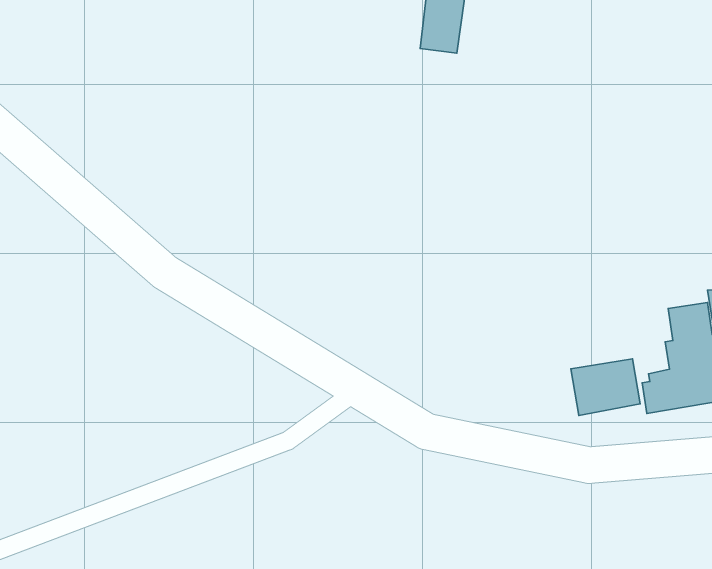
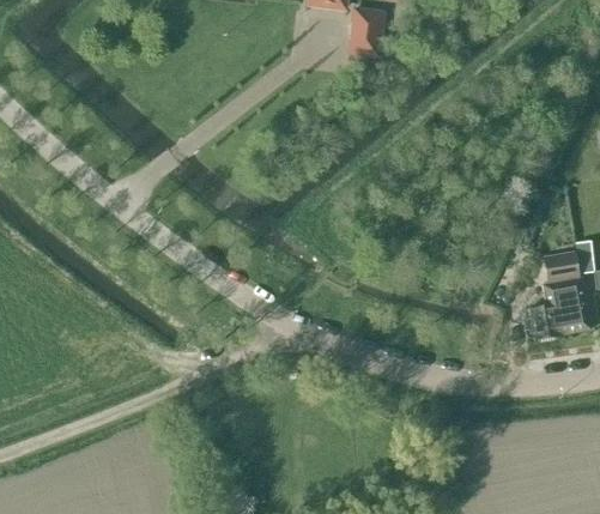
building: [571,359,640,415] -> none

